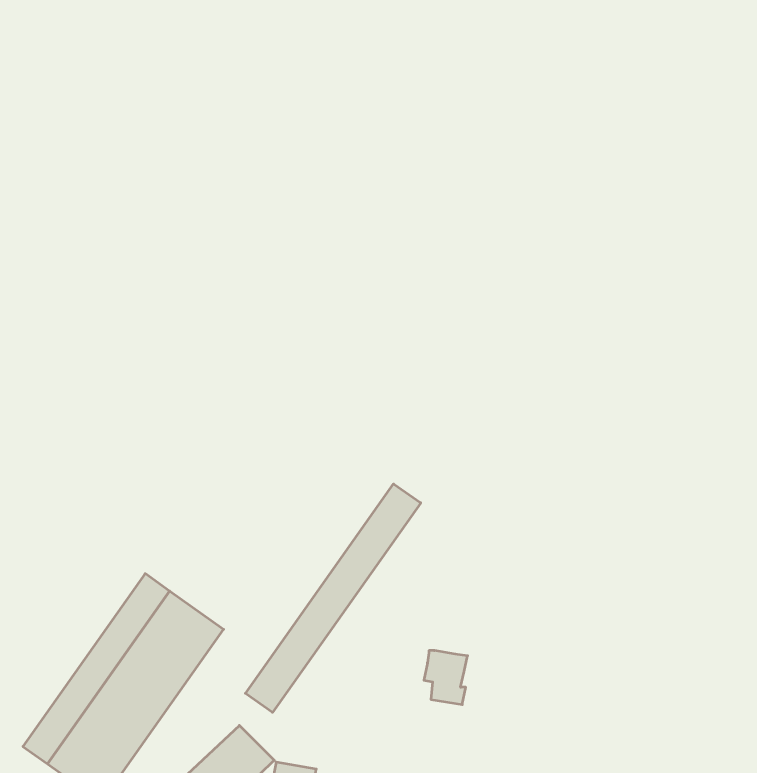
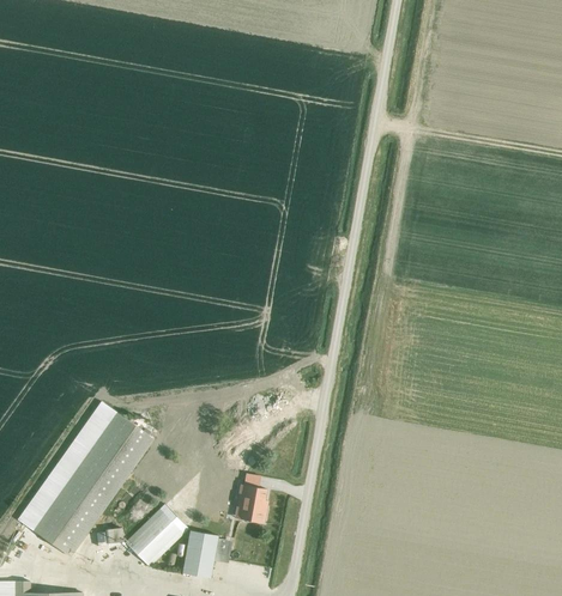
building: [245,484,421,712] -> none
building: [424,651,468,705] -> [237,486,267,523]

